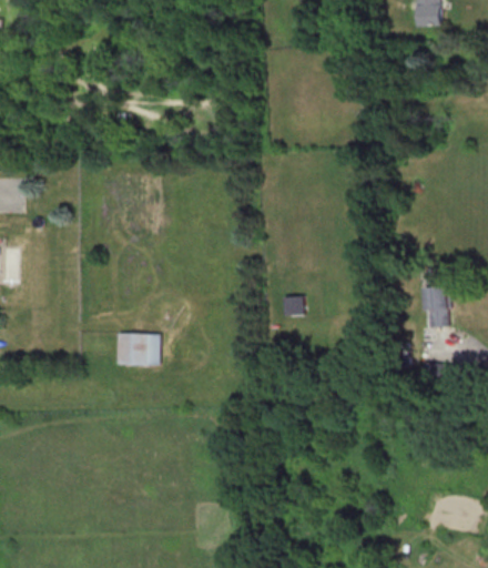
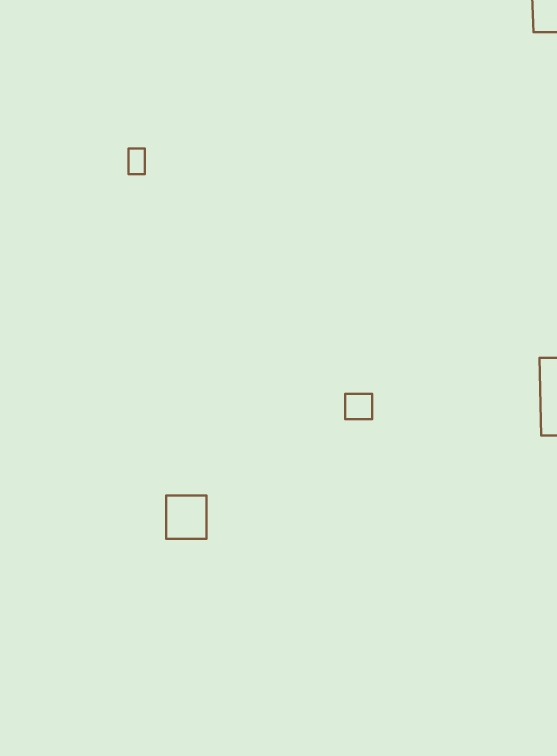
building: [118,333,148,365] -> [166,495,206,539]

